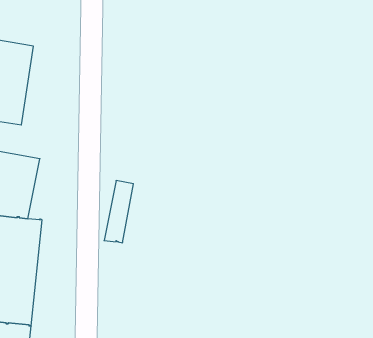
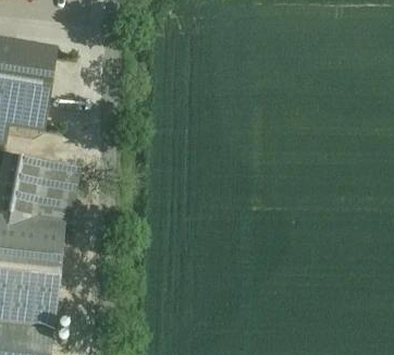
building: [104,181,133,243] -> [48,161,77,223]

